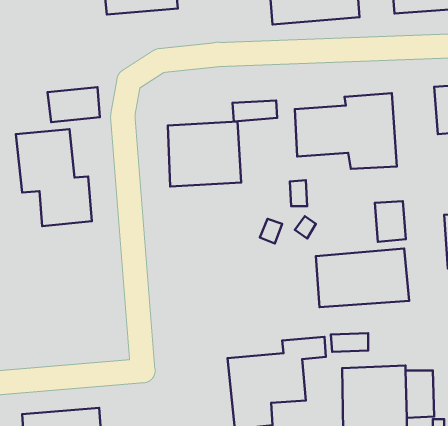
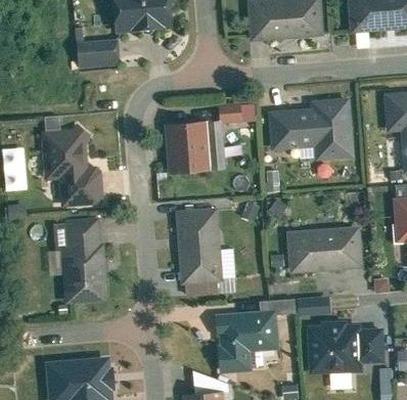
building: [48,87,100,122] -> [77,38,120,66]
building: [375,201,406,242] -> none
building: none -> [176,207,224,283]
building: none -> [60,218,108,303]

